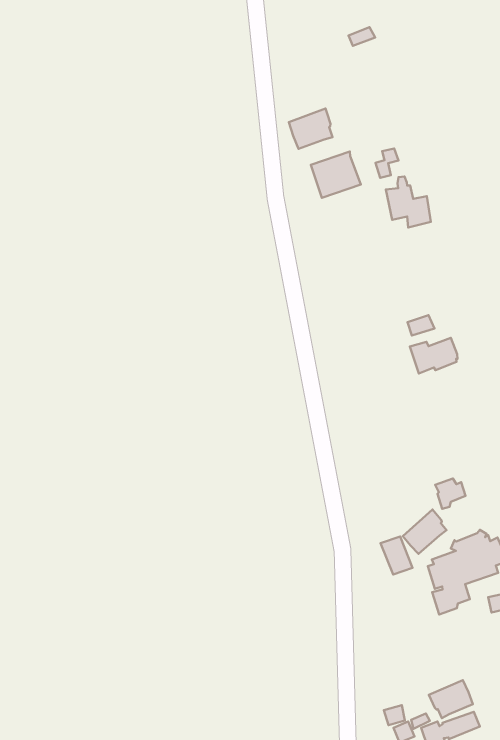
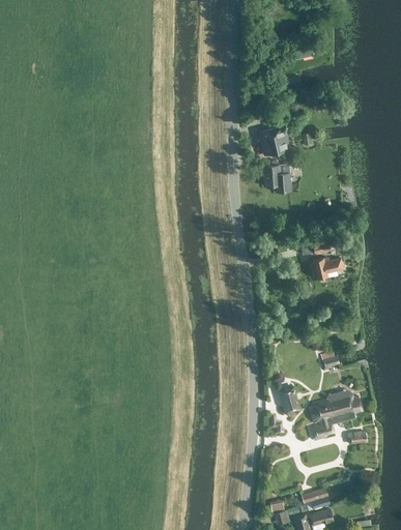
building: [289,108,332,149] -> none
building: [386,177,431,227] -> [262,157,290,192]
building: [403,510,447,554] -> none

